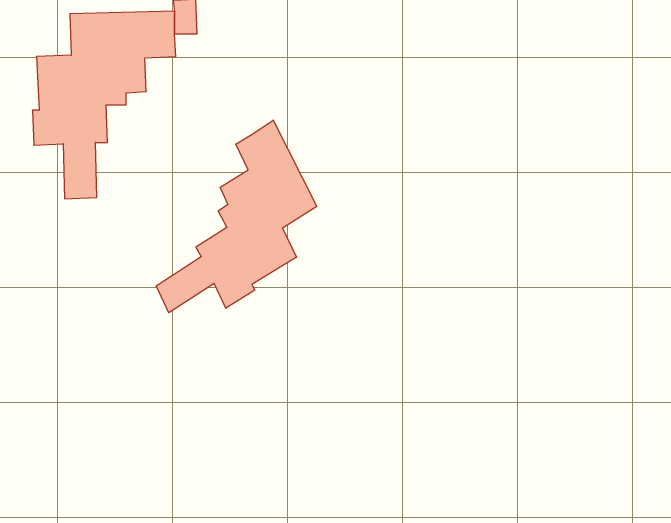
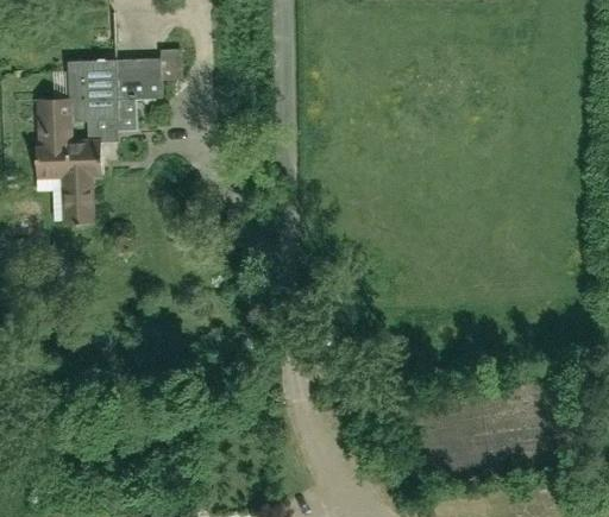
building: [156,120,317,313] -> none

